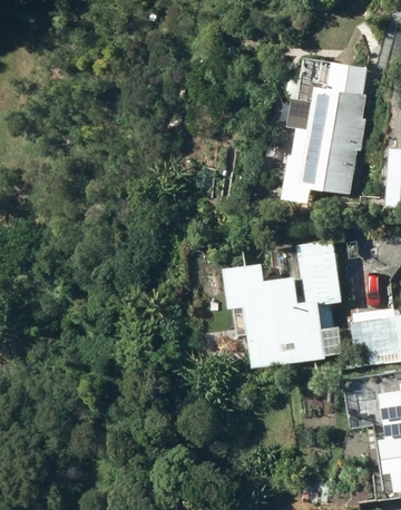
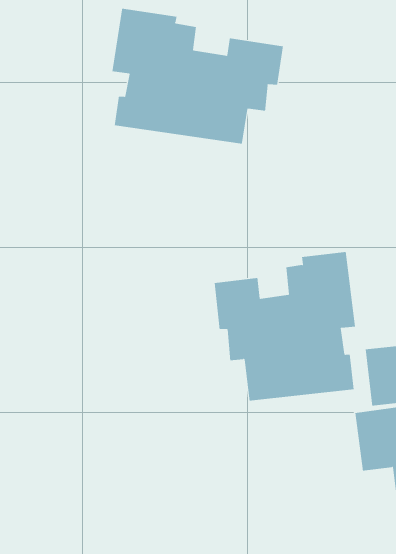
building: none -> [112,8,283,145]
building: [296,67,371,193] -> none

